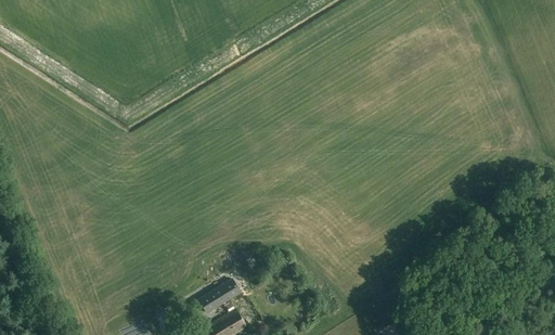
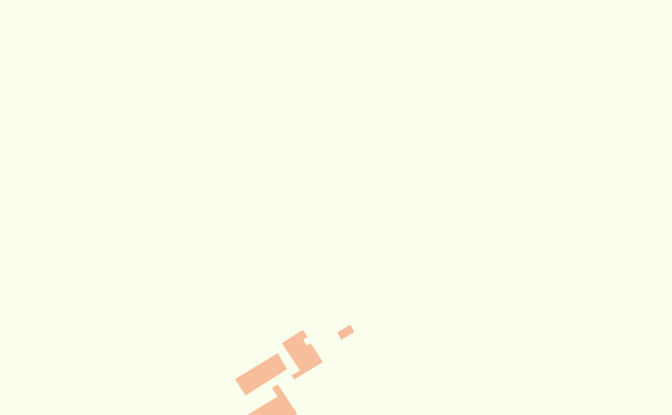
building: none -> [281,329,324,381]

